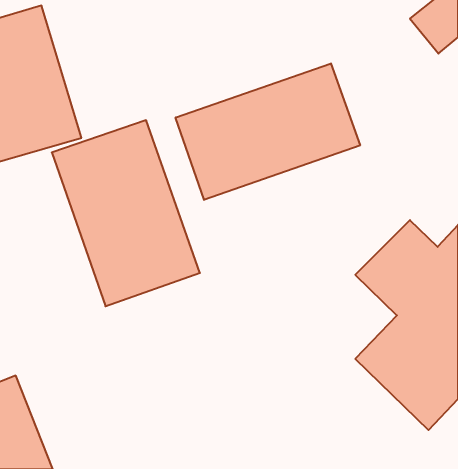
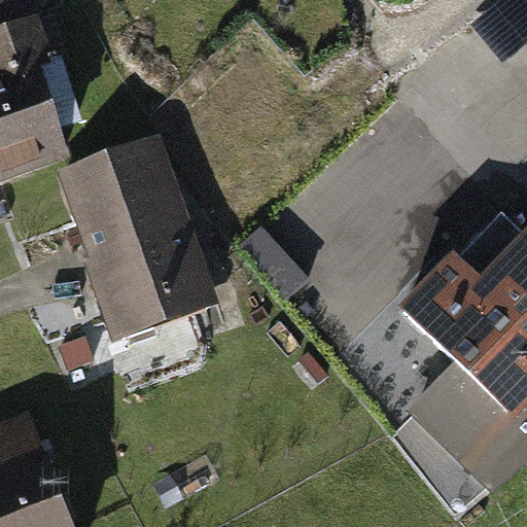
building: [176,63,360,200] -> none

